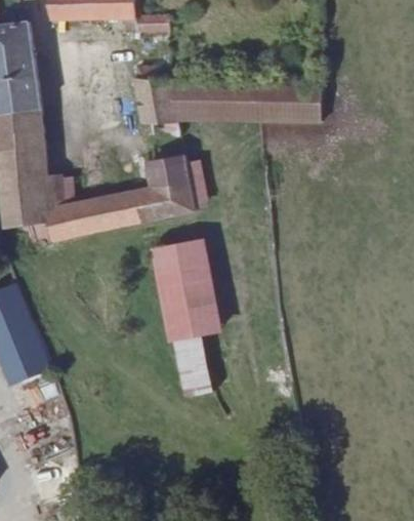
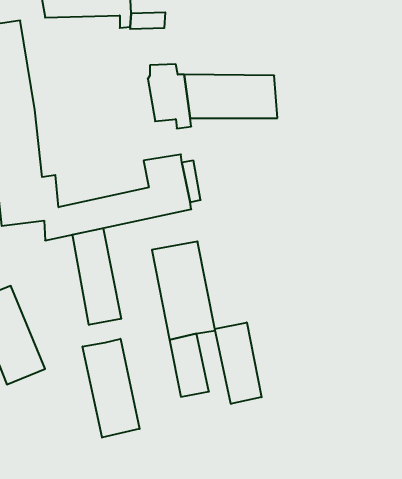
building: none -> [72,228,121,325]
building: none -> [215,322,262,404]
building: none -> [83,339,140,438]

